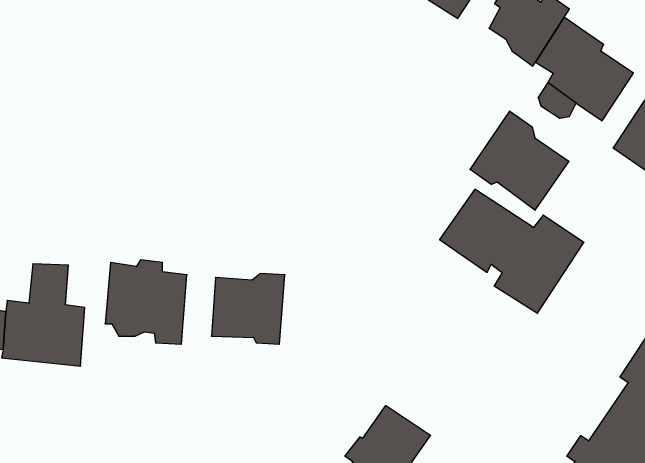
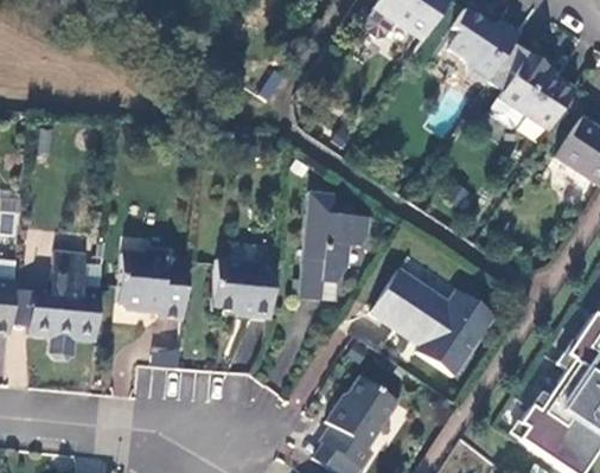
building: [470,111,569,210] -> none
building: [440,189,584,313] -> [370,266,496,373]
building: none -> [294,198,365,302]

